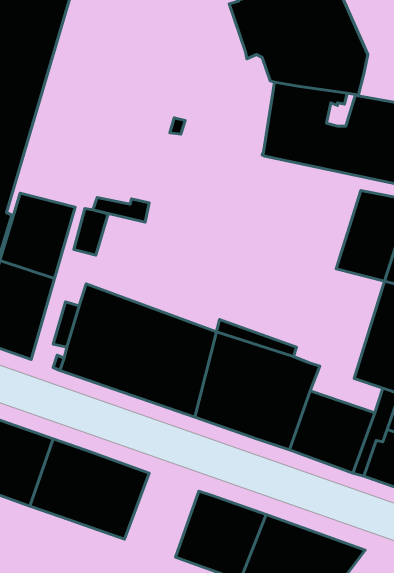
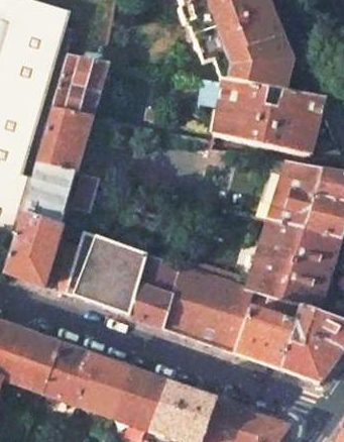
building: none -> [35,53,108,172]
building: none -> [246,217,303,298]
building: none -> [112,367,166,429]

